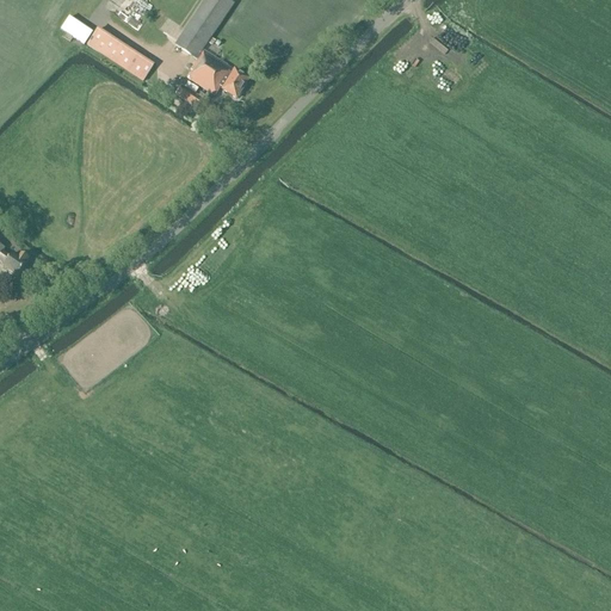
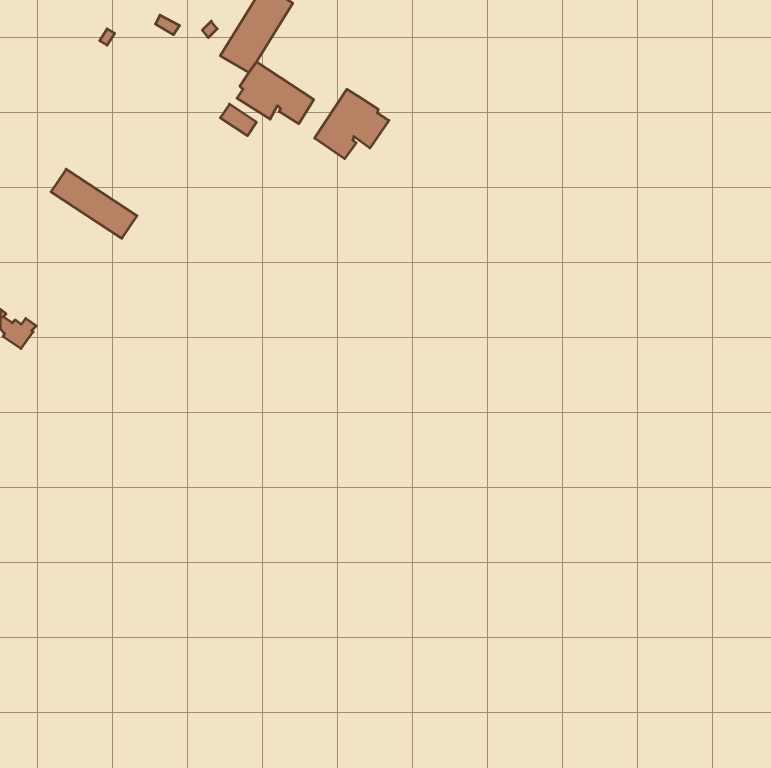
building: [86,26,154,81] -> [51,169,137,238]
building: none -> [315,89,389,159]

